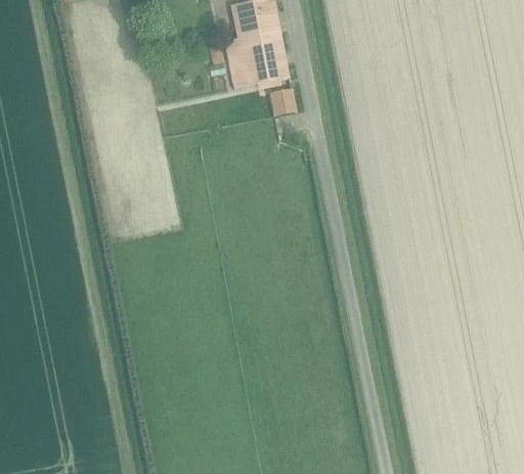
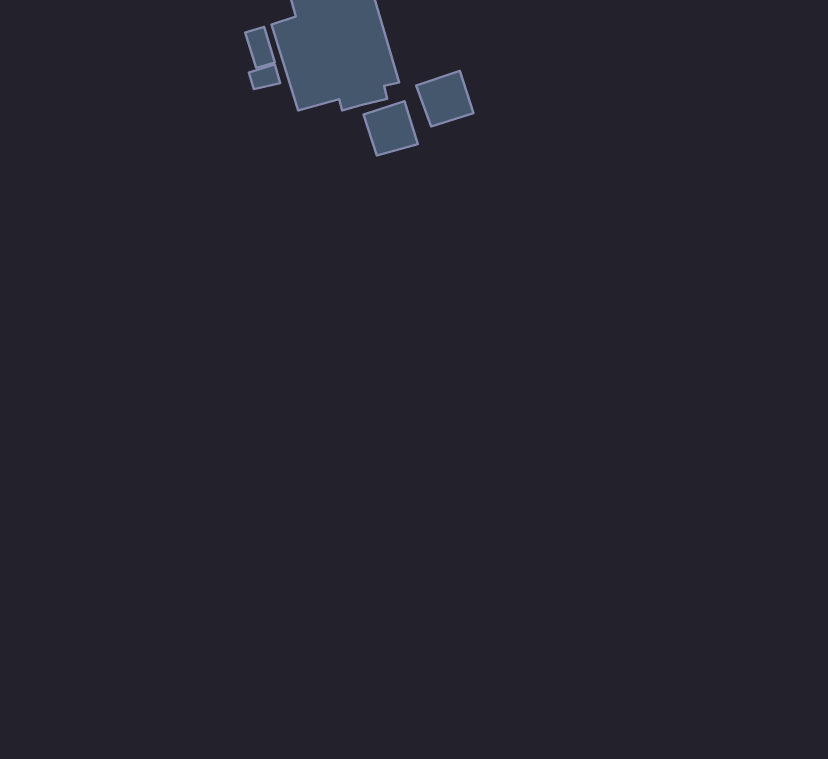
building: none -> [416,71,473,127]

